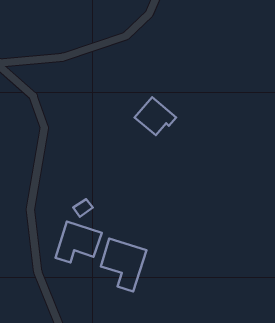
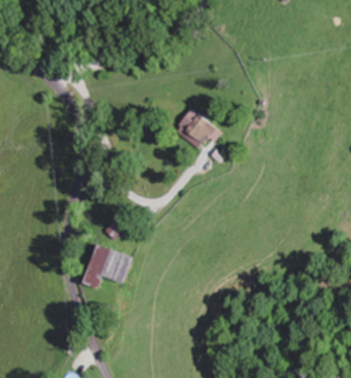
building: [101,238,147,292] -> none

